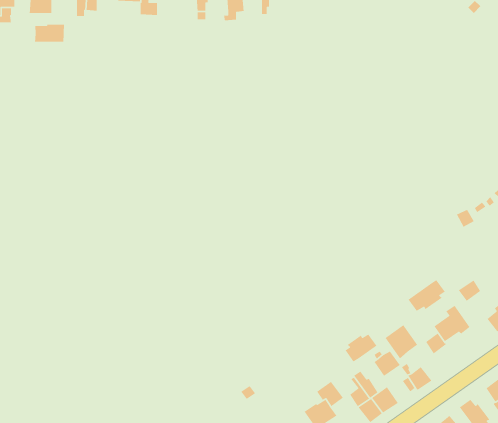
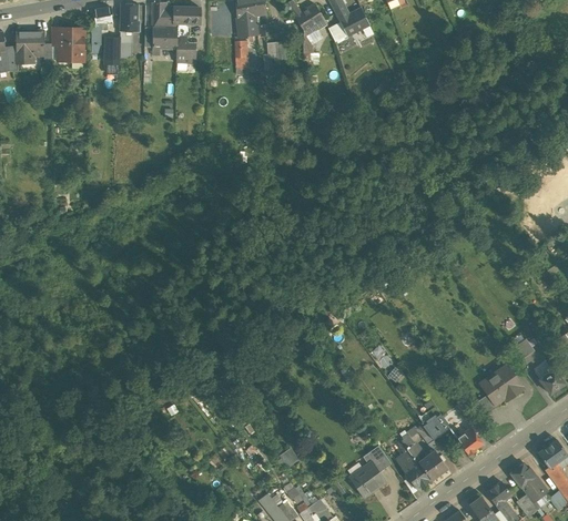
building: [34,24,65,43] -> none
building: [407,279,446,312] -> none
building: [384,324,418,359] -> none
building: [344,334,378,362] -> none

